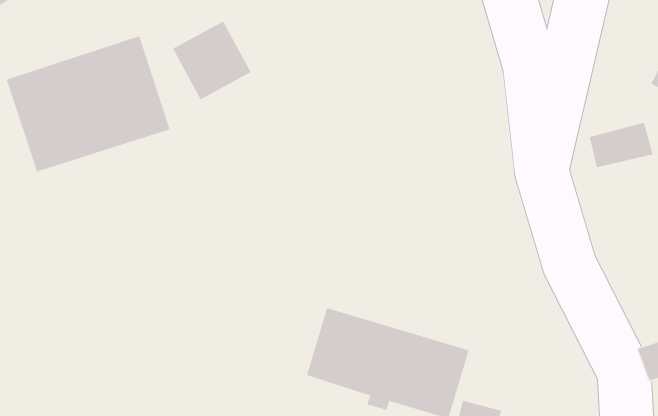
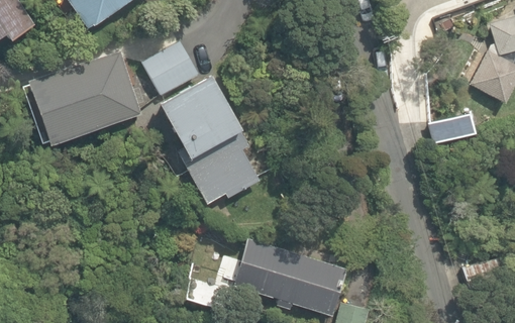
building: none -> [160,75,260,204]

